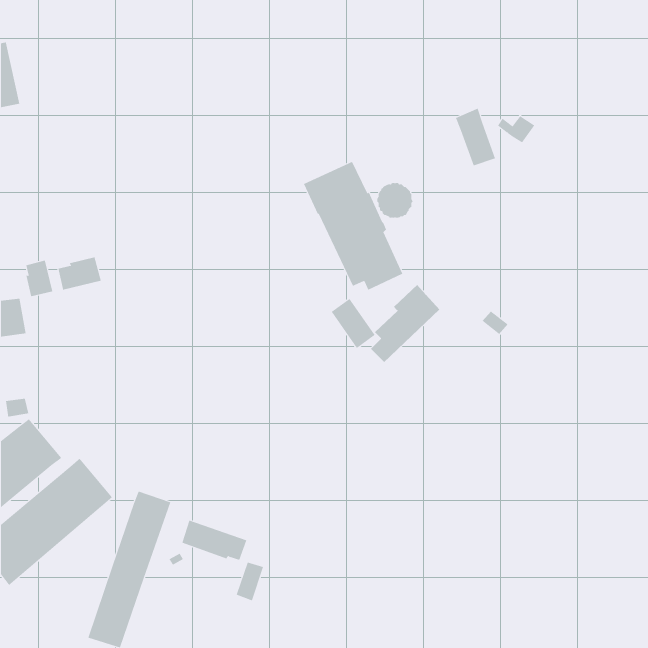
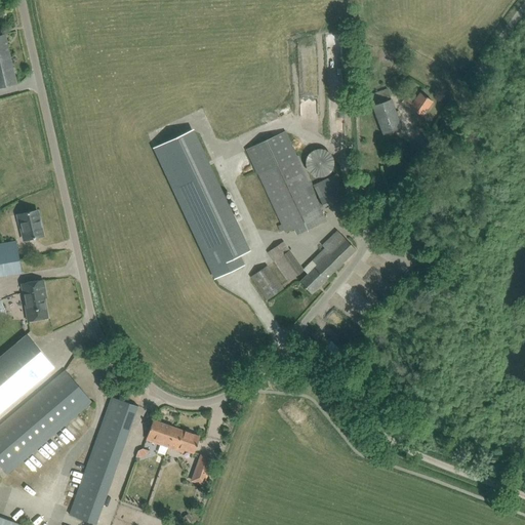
building: none -> [154,130,248,278]
building: [58,256,101,290] -> none
building: none -> [251,266,283,299]
building: none -> [19,280,44,321]

